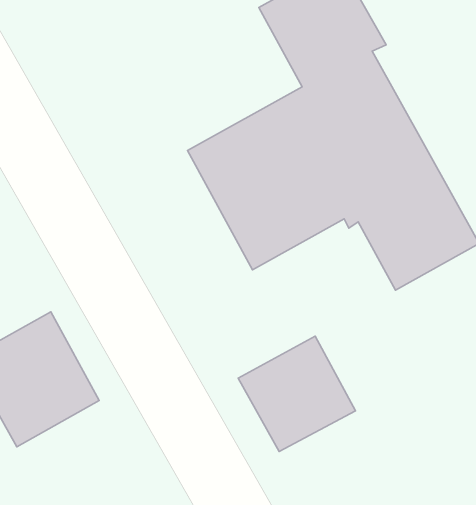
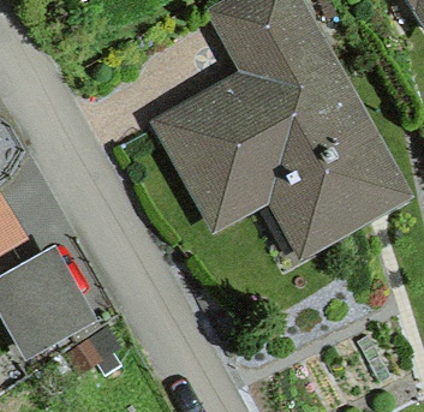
building: [238,336,355,452] -> none

